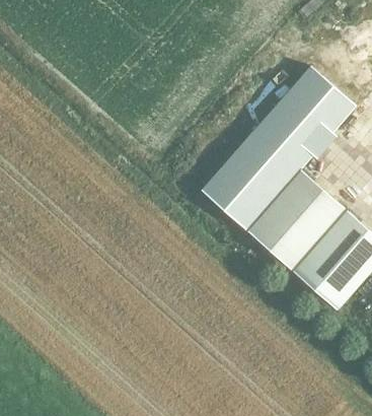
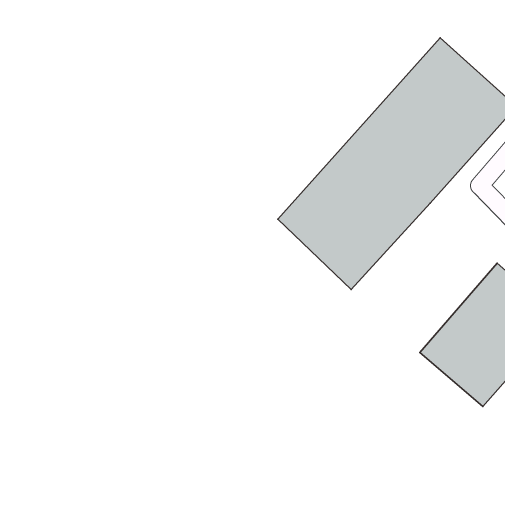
building: [247,170,348,272] -> none

